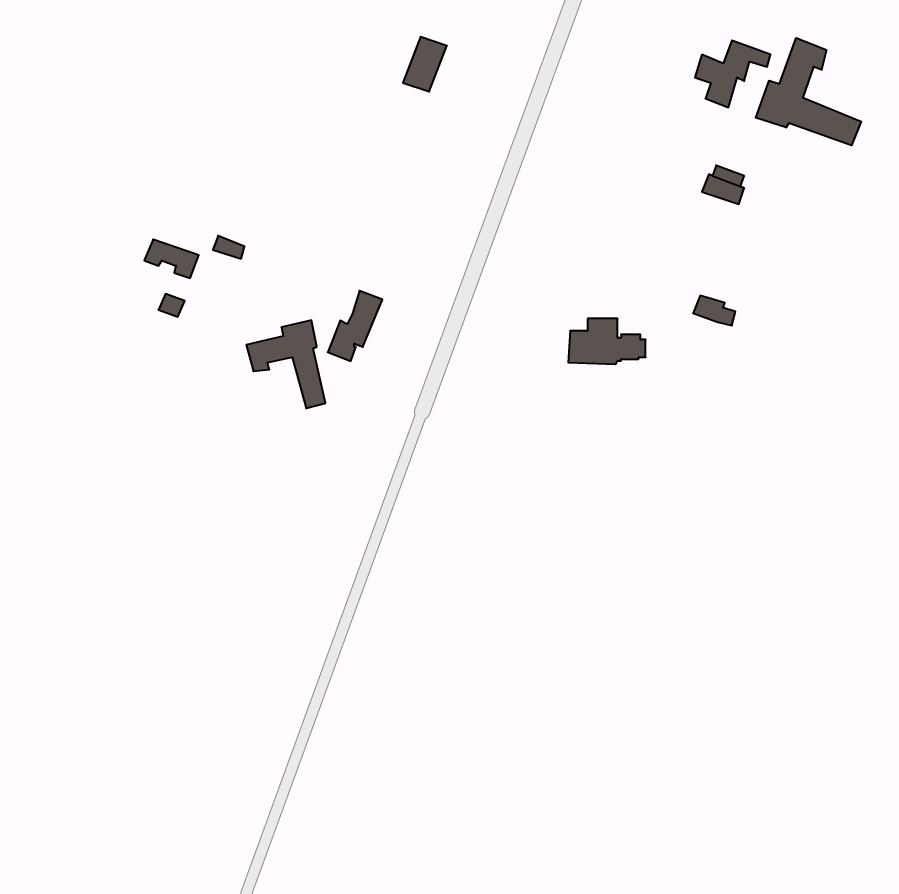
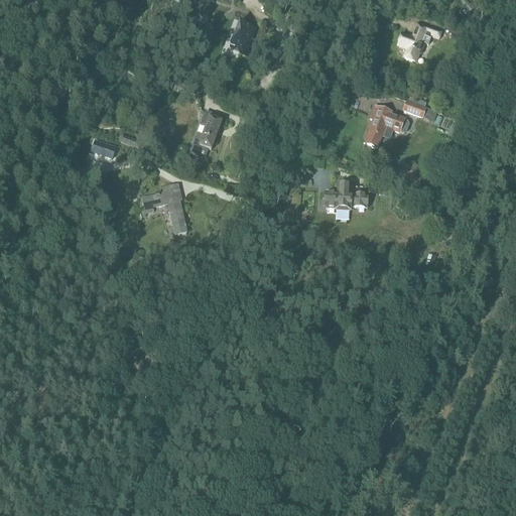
building: [756,38,861,145] -> none
building: none -> [364,105,405,147]
building: [328,291,382,361] -> [190,116,222,156]

